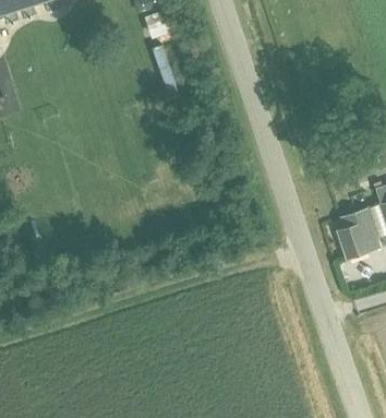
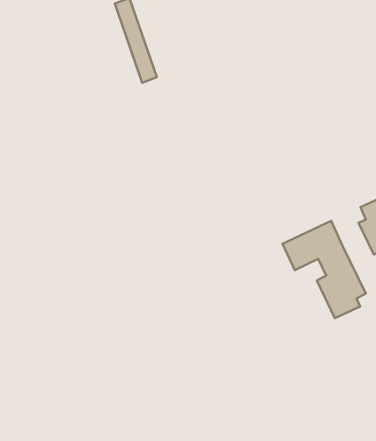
building: none -> [283,221,366,318]

